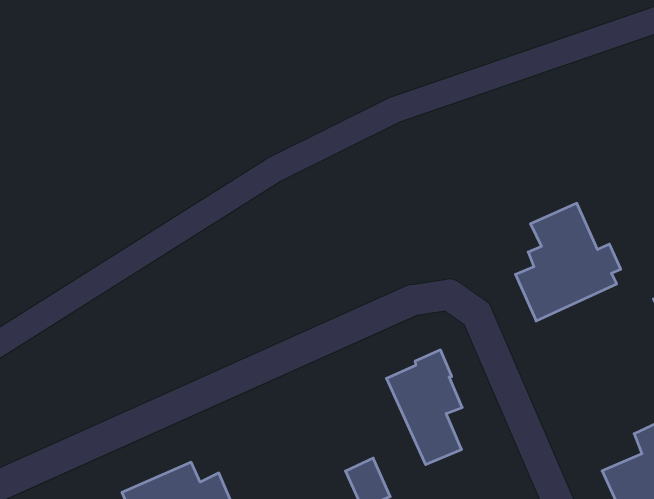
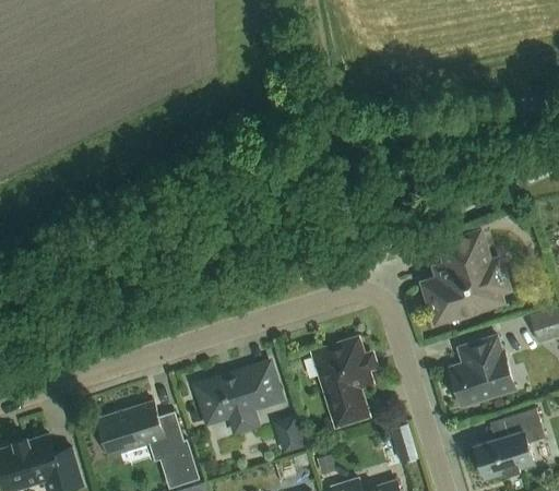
building: none -> [450,336,514,405]
building: none -> [202,370,278,431]

